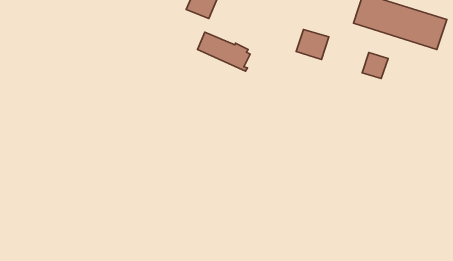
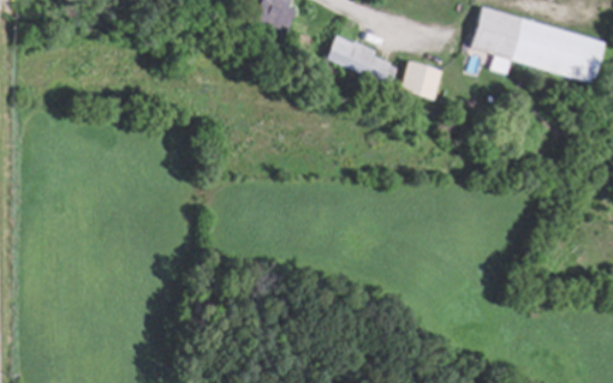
building: [197,32,250,71] -> [327,34,397,85]
building: [362,52,388,78] -> none

